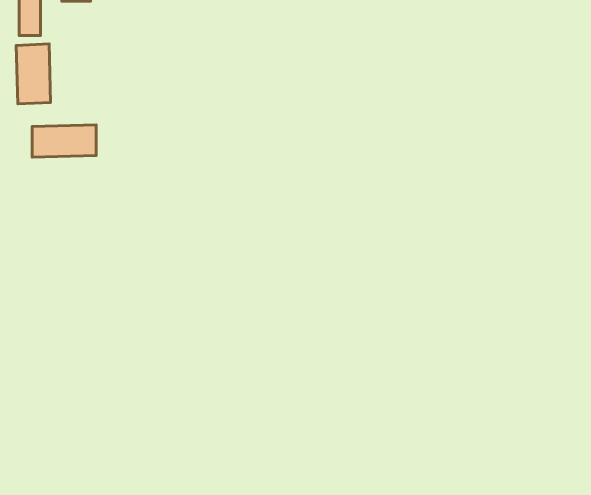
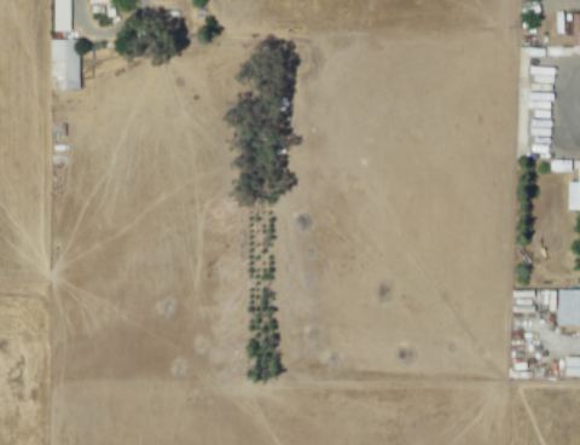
building: [32,125,96,157] -> none

